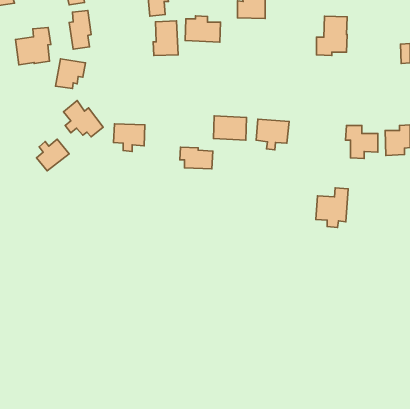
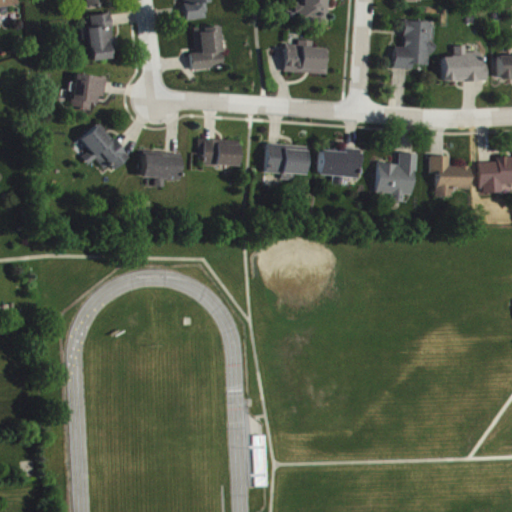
building: [185,16,220,42] -> [284,40,328,73]
building: [15,27,51,65] -> none
building: none -> [442,46,486,81]
building: [37,139,69,171] -> none
building: [180,147,213,169] -> [197,139,238,166]
building: [316,188,348,227] -> [375,153,415,202]

